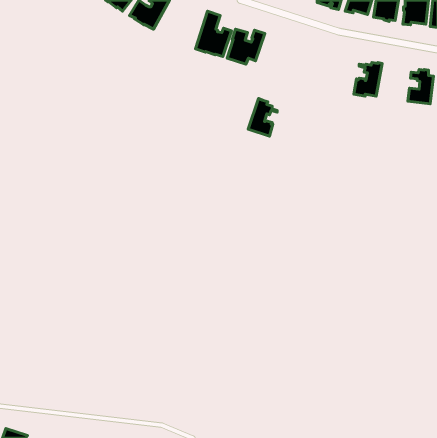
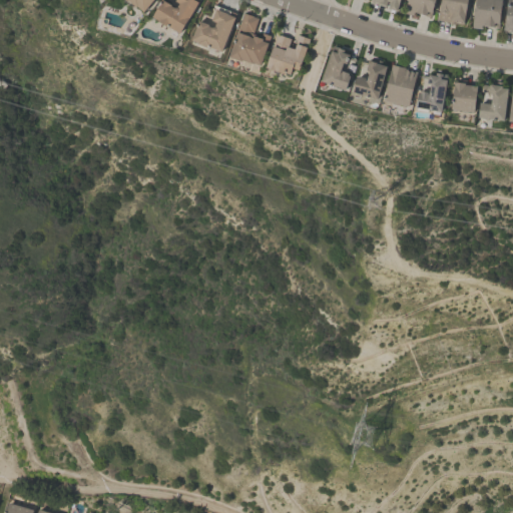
building: none -> [191,5,237,53]
building: none -> [353,59,387,100]
building: none -> [384,64,417,106]
building: none -> [451,79,477,113]
building: [248,98,277,136] -> [322,46,356,90]

